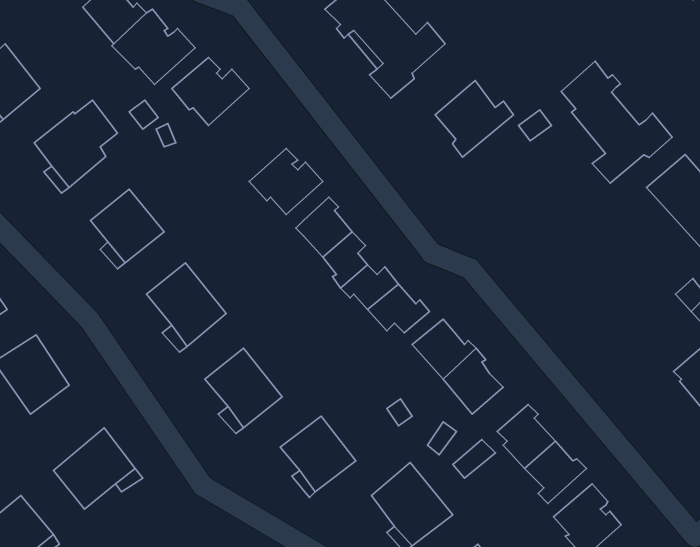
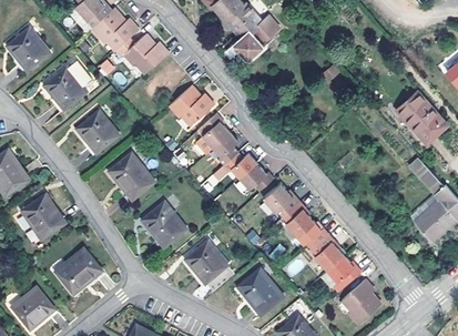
building: [561,61,672,183] -> none
building: [435,81,514,157] -> none

